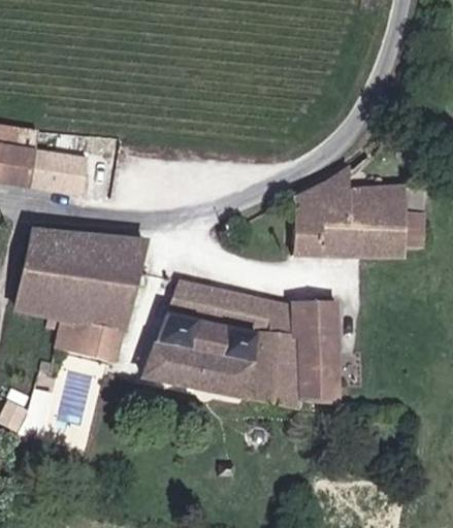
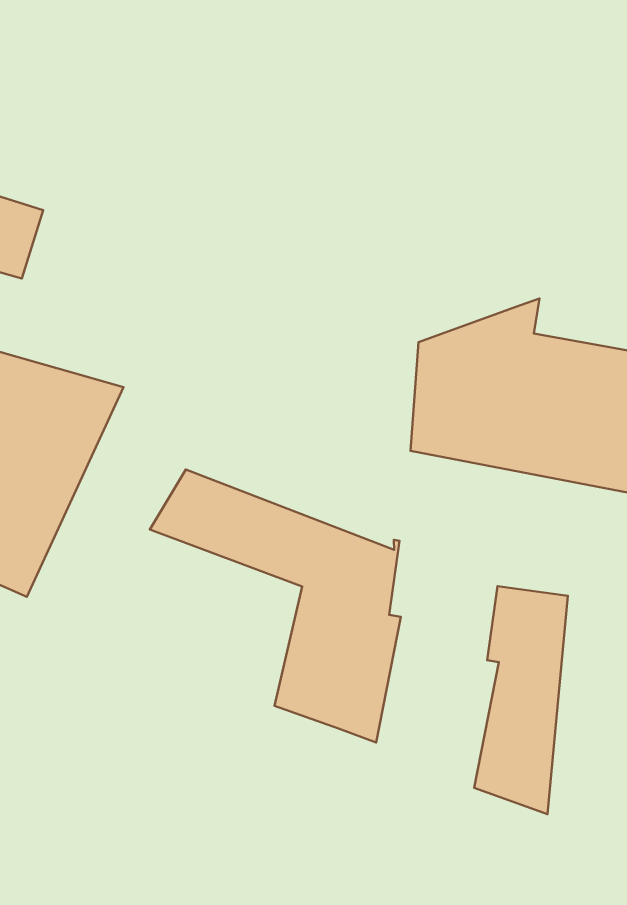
building: [299,298,345,412] -> [474,586,568,814]
building: [145,315,253,395] -> none

